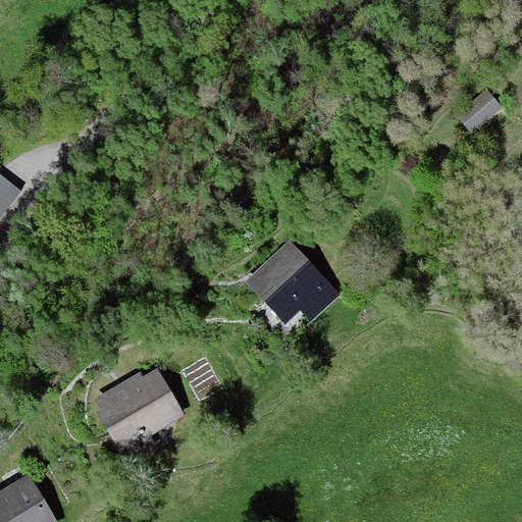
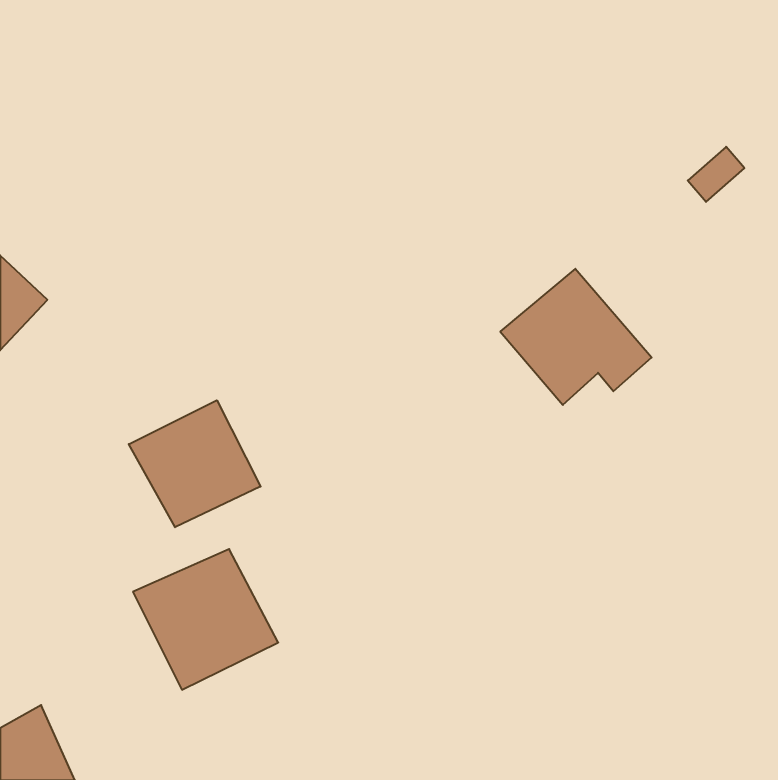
building: [239,240,340,330] -> [500,269,652,405]
building: none -> [129,400,261,527]

